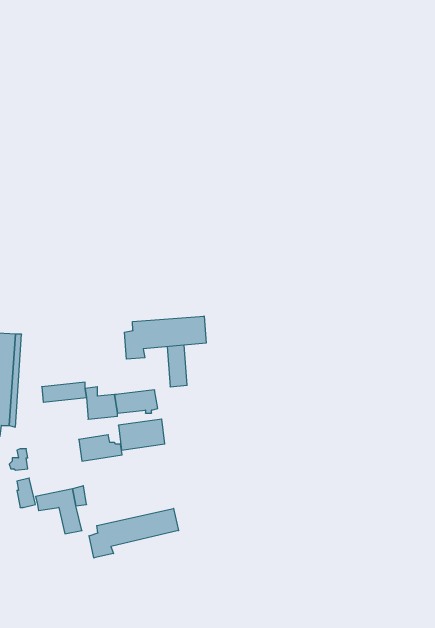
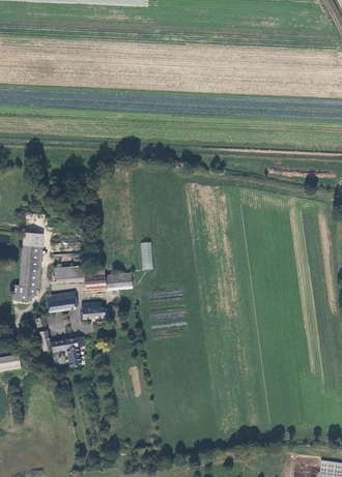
building: [124,316,206,359] -> none
building: [118,419,165,450] -> [47,291,78,311]
building: [89,508,179,558] -> none

